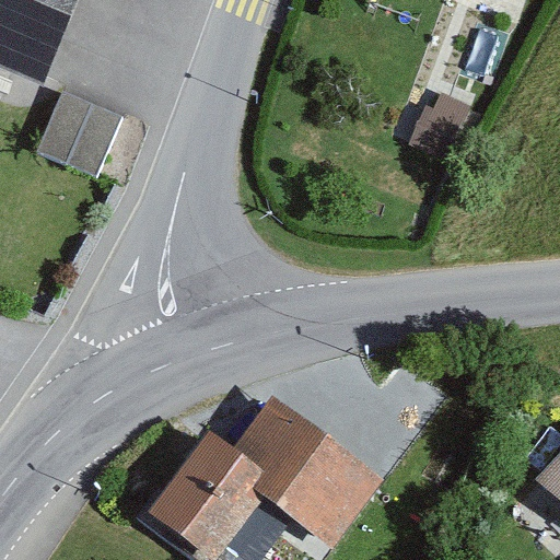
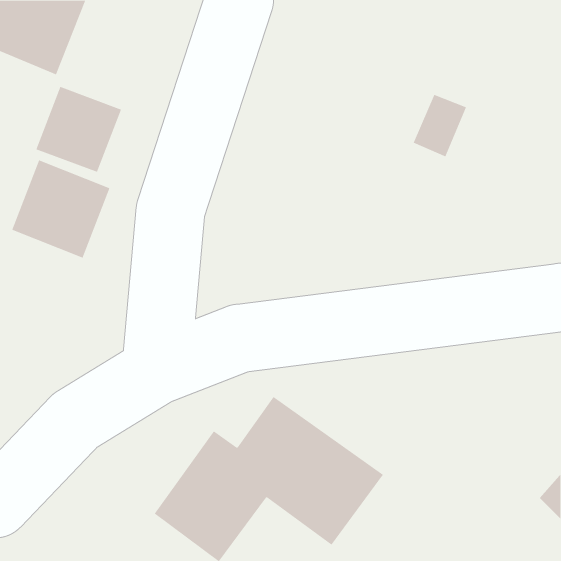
building: none -> [12,159,110,258]

